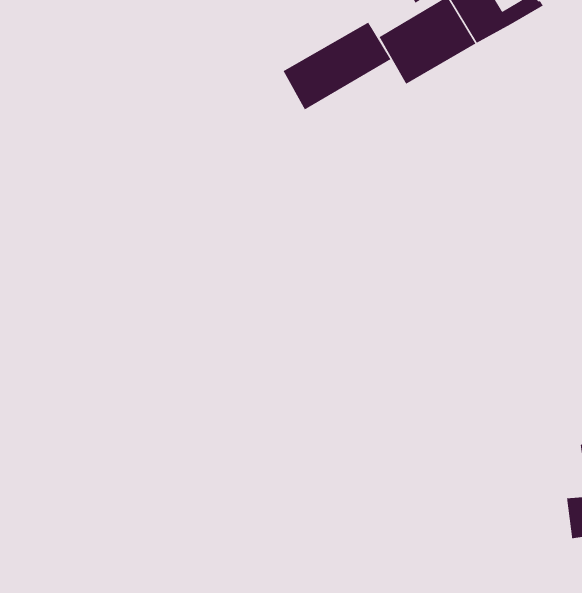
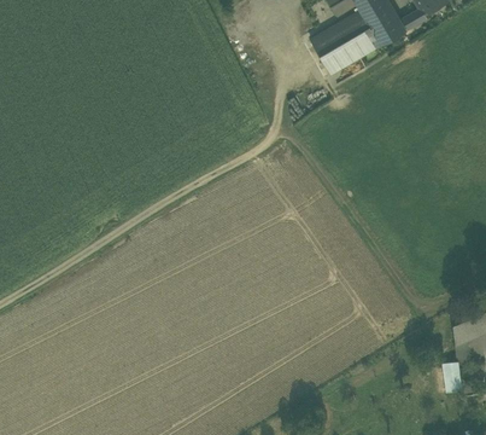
building: [283,22,391,110] -> none

